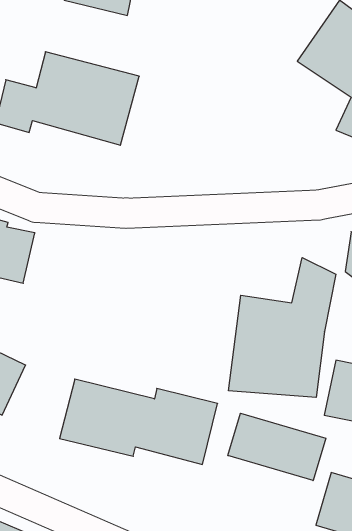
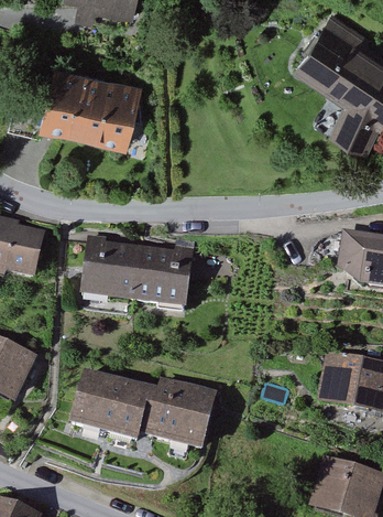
building: none -> [79,234,193,306]
building: [229,258,336,397] -> none
building: [228,413,326,481] -> none

